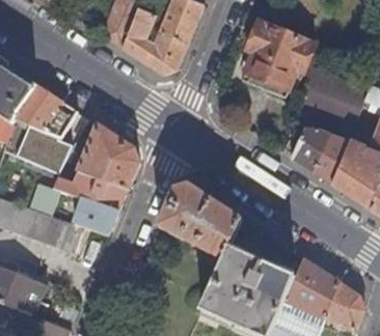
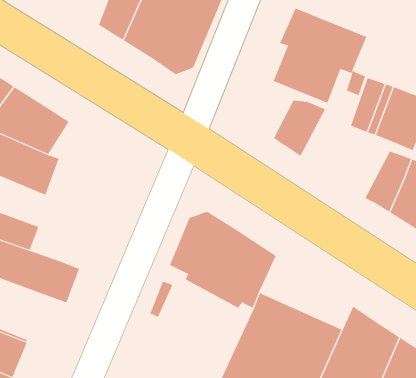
building: [55,123,140,235] -> none
building: [291,128,332,172] -> [273,100,326,157]

